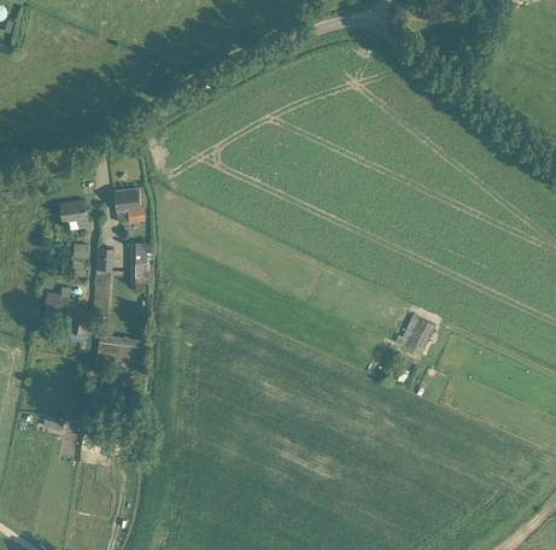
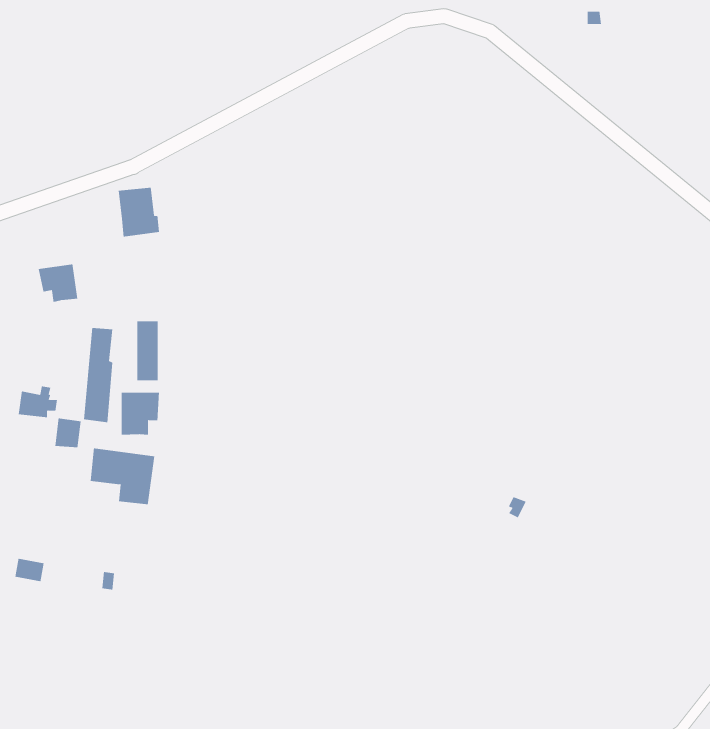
building: [113,187,144,223] -> [118,187,160,237]
building: none -> [121,392,160,436]
building: [393,314,435,355] -> none

